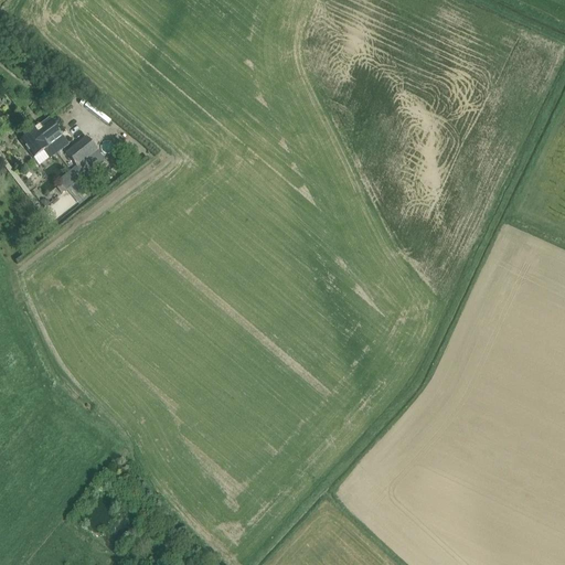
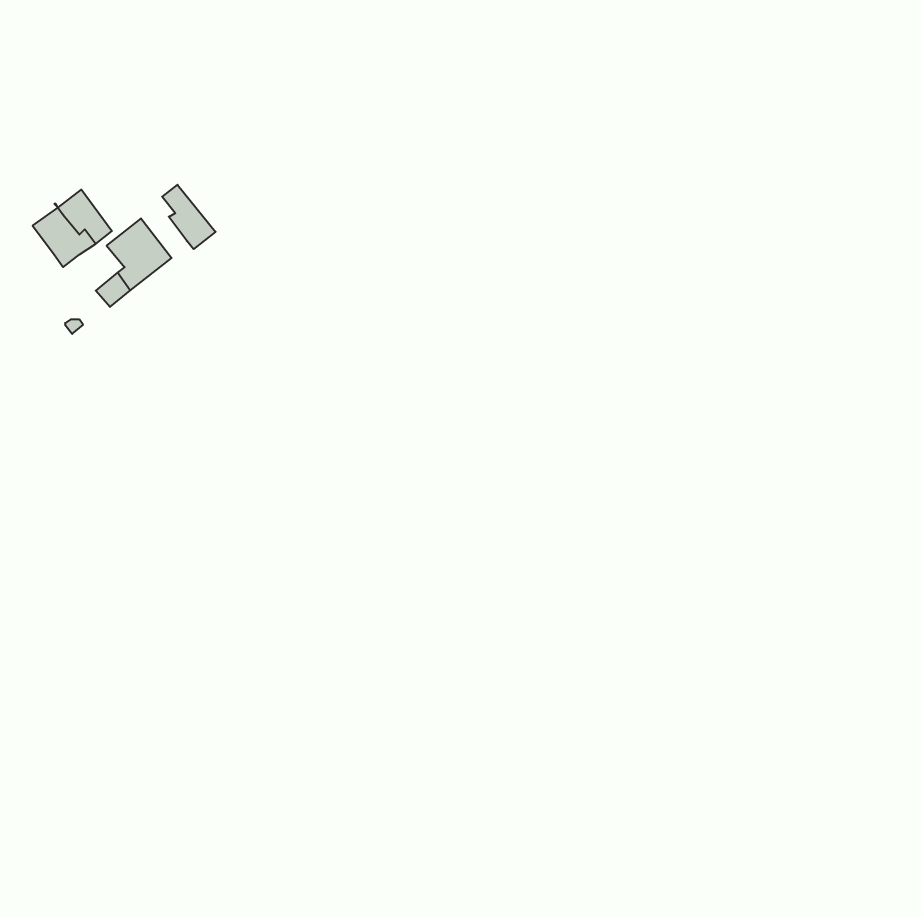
building: none -> [162,185,216,249]

